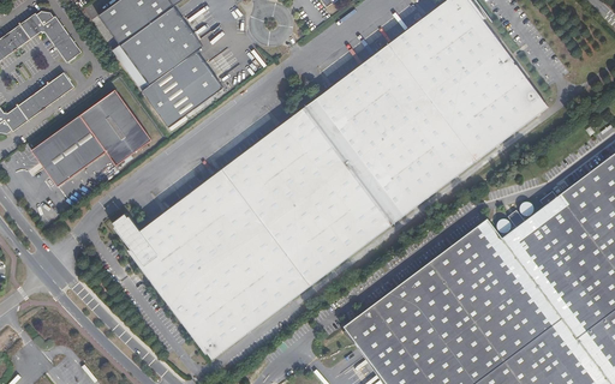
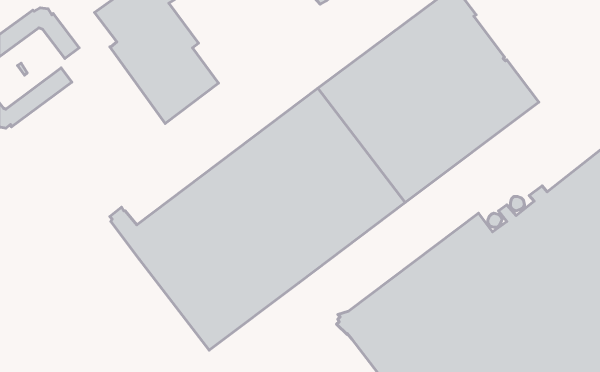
building: [30,89,154,186] -> none

